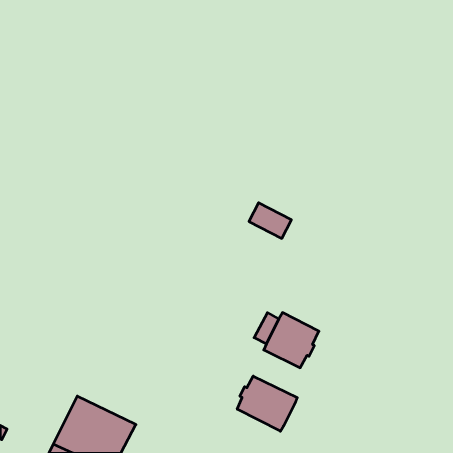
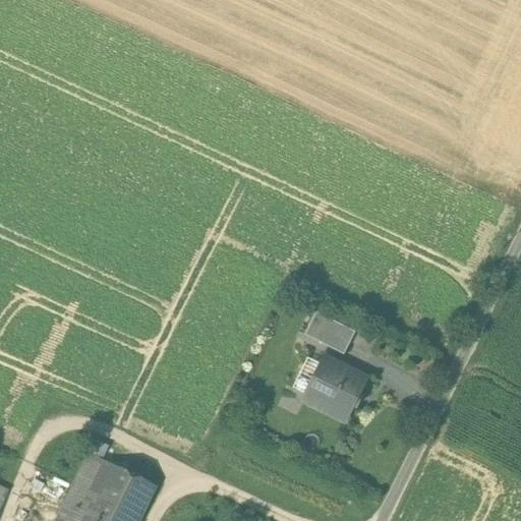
building: [249,203,291,238] -> [306,313,355,354]
building: [237,376,297,431] -> none

